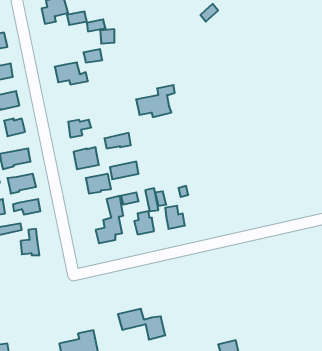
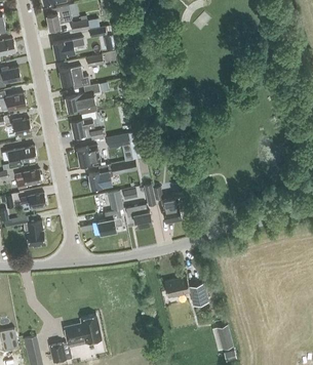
building: none -> [52,36,84,55]
building: [136,85,175,117] -> [65,82,101,112]
building: [118,309,165,340] -> [164,275,208,303]

